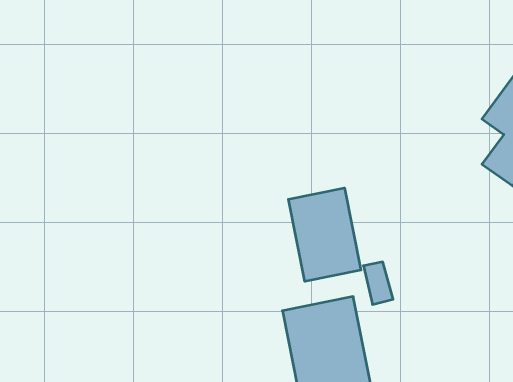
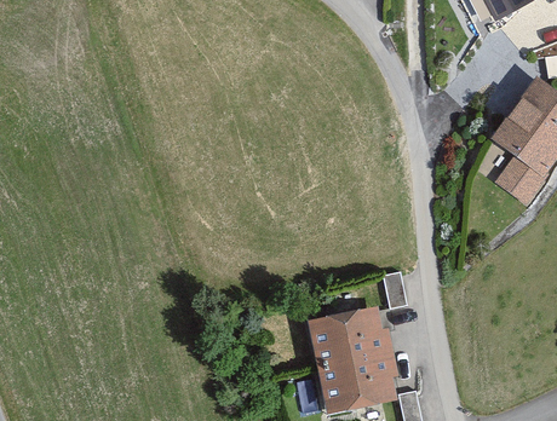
building: [288,188,361,281] -> none

